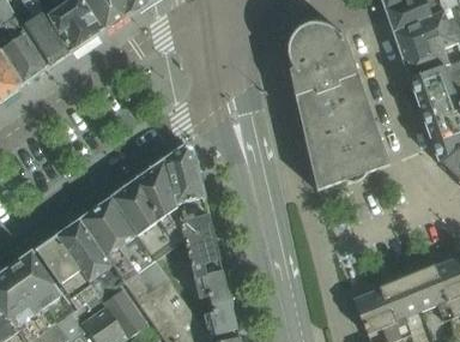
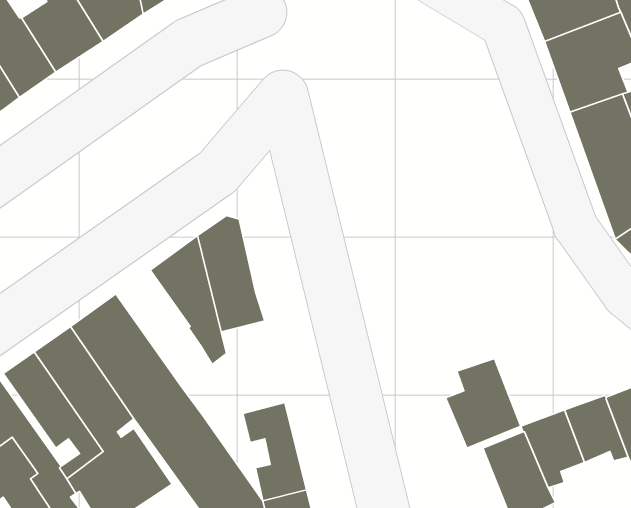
building: [288,22,389,190] -> none
building: [111,181,175,258] -> none
building: [181,215,223,276] -> none
building: none -> [446,358,521,448]

